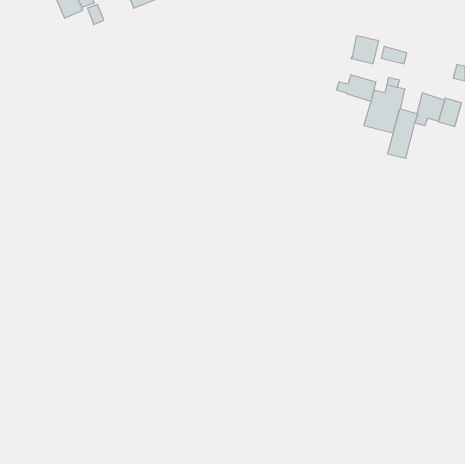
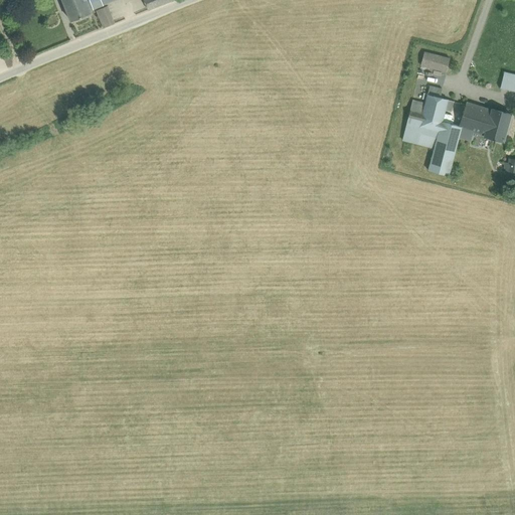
building: [351,36,378,64] -> none
building: [336,75,376,101] -> none

